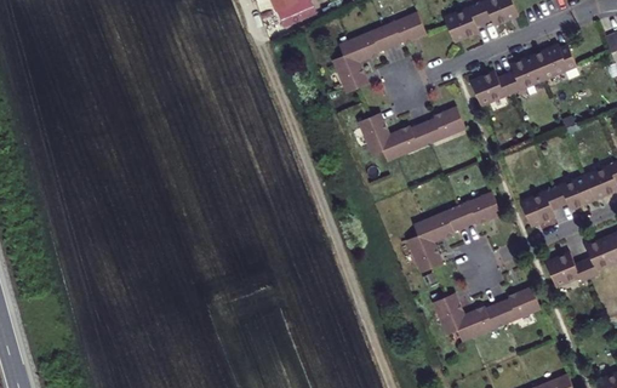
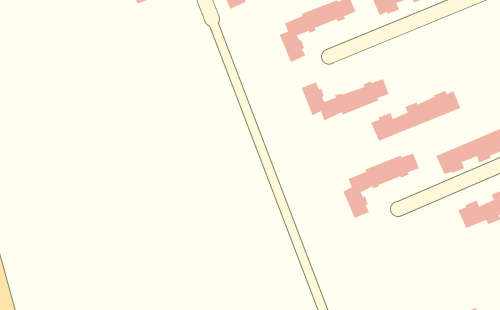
building: [473,42,578,102] -> [370,90,461,141]
building: [439,291,542,341] -> none

